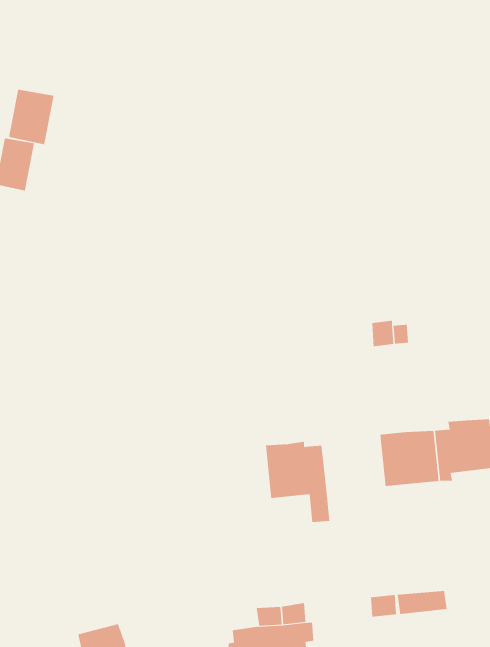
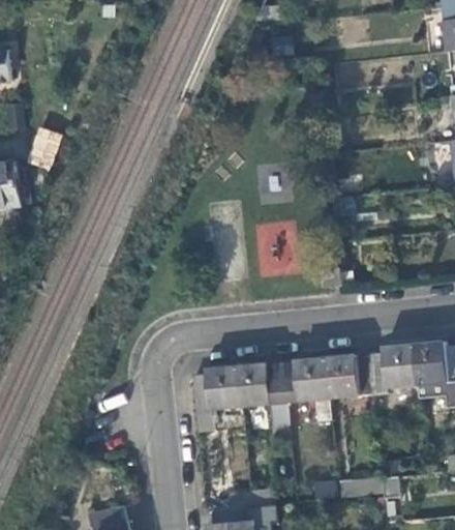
building: [9,89,54,145] -> none
building: none -> [283,357,334,419]
building: none -> [195,365,243,431]

